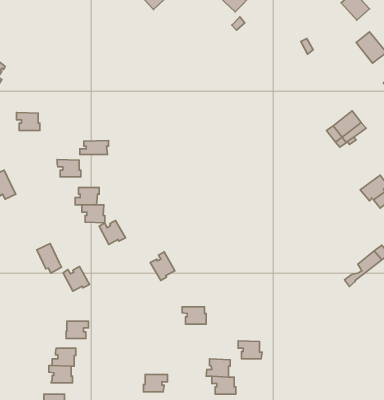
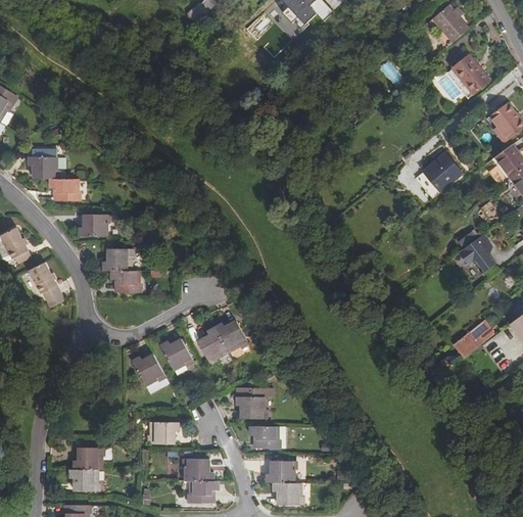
building: none -> [51,178,80,199]
building: [80,140,108,155] -> none
building: [99,220,125,244] -> [160,338,193,368]
building: [37,243,62,273] -> [28,262,58,298]
building: none -> [213,321,247,351]
building: [63,266,89,291] -> [133,354,165,384]
building: [66,321,88,339] -> [149,422,177,443]
building: [238,341,262,359] -> [249,425,279,448]
building: none -> [183,459,212,480]

